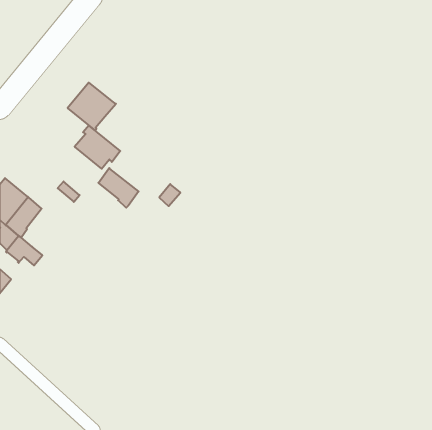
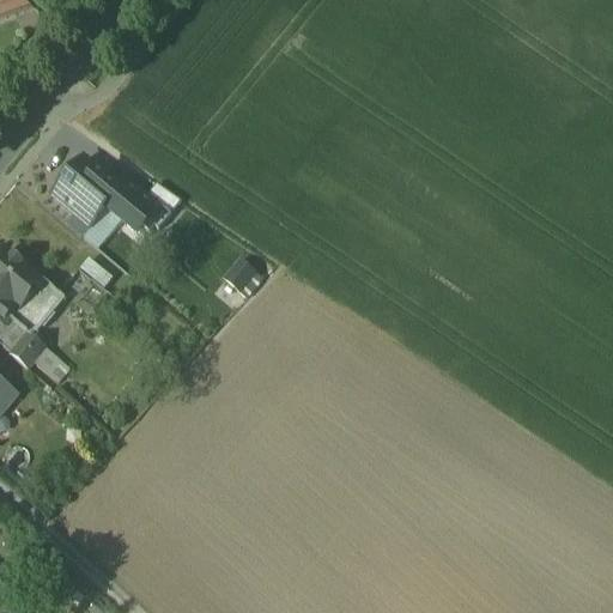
building: [68,83,116,131] -> [53,159,121,227]
building: [98,168,139,208] -> none

